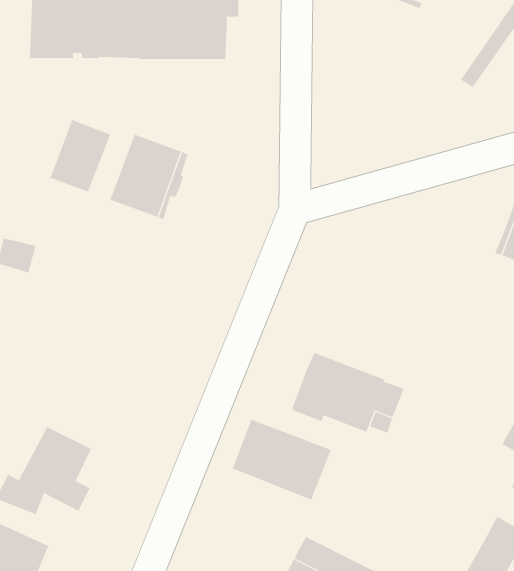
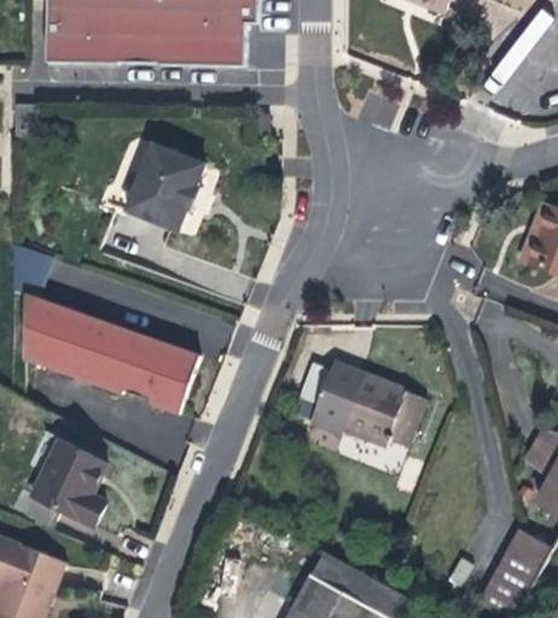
building: [50,119,111,192] -> none
building: none -> [22,292,199,414]
building: [232,419,331,500] -> none

